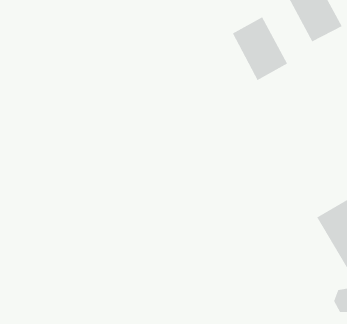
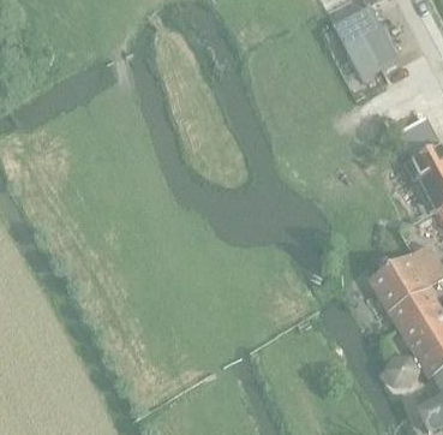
building: [232,16,288,81] -> none

